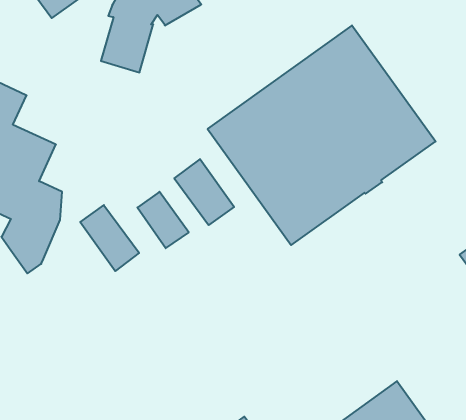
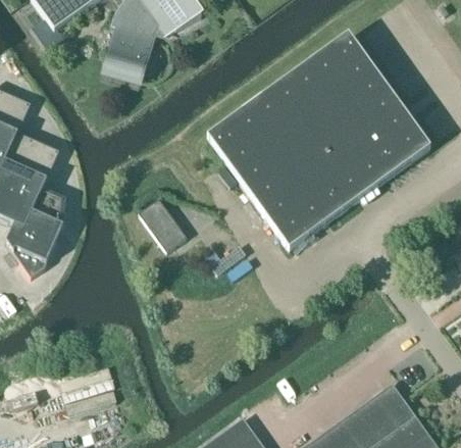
building: [174,159,234,225] -> none
building: [80,205,139,271] -> none

